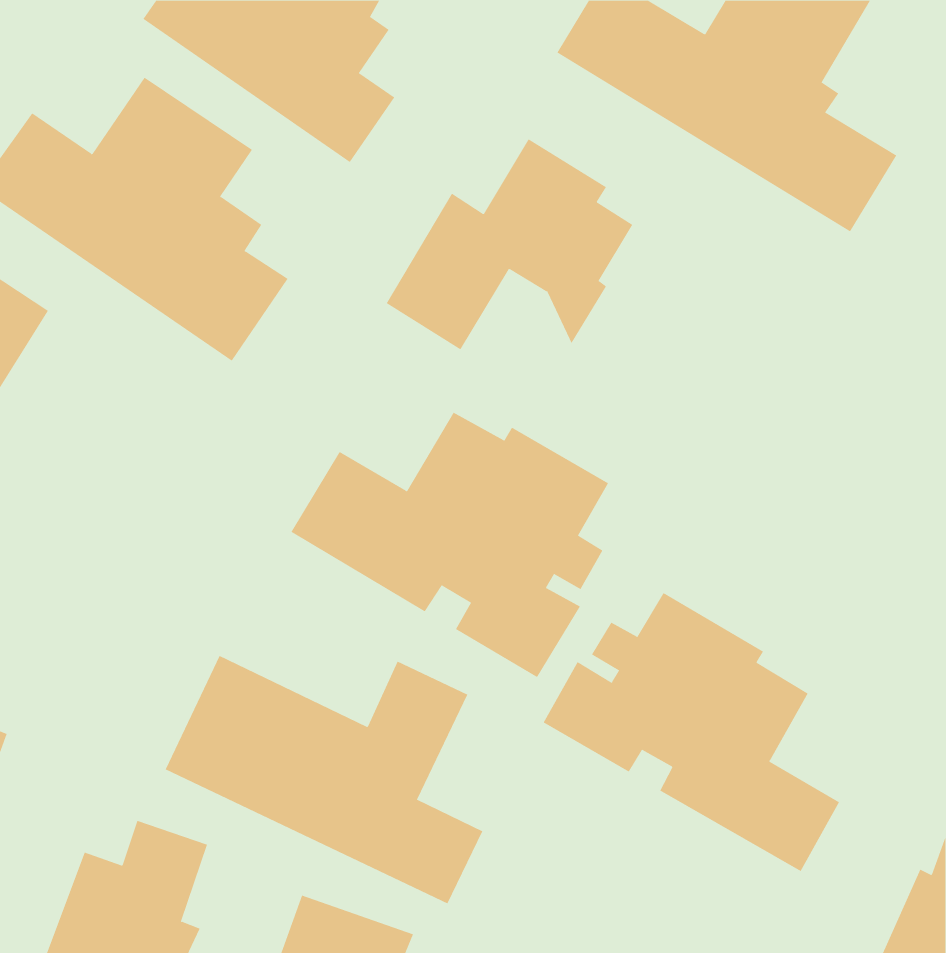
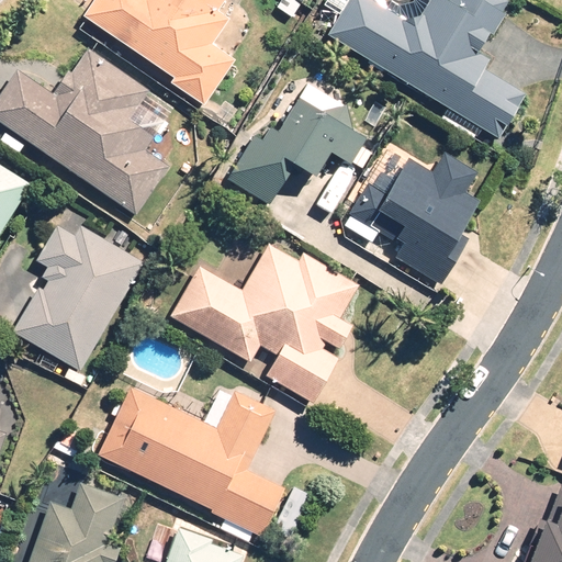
building: none -> [341,147,481,284]
building: none -> [11,223,143,371]
building: [543,592,840,872] -> none

